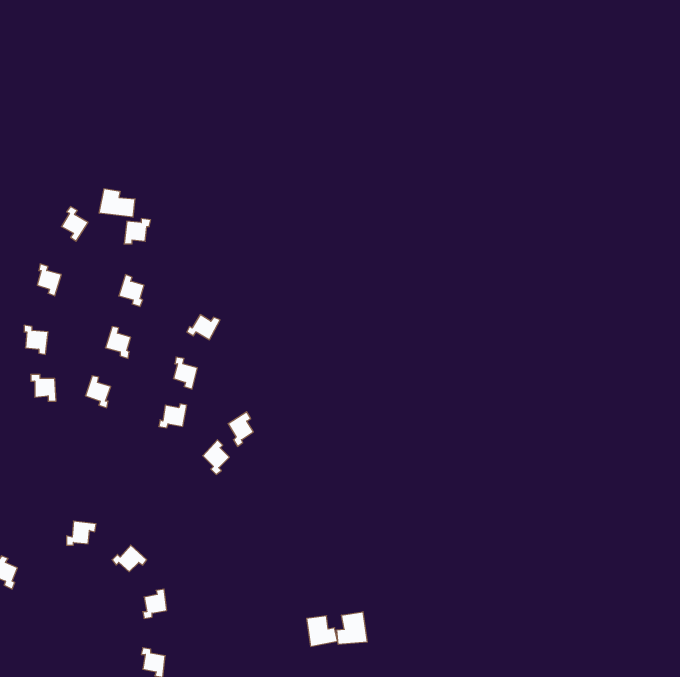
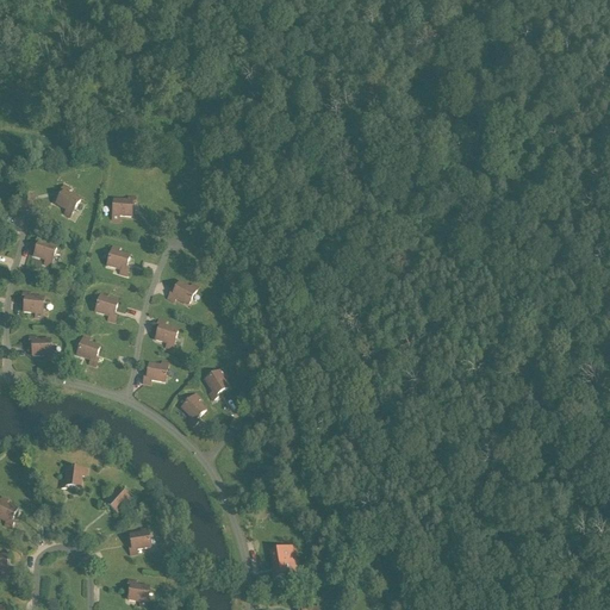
building: [99,189,135,217] -> none
building: [337,612,367,644] -> none

